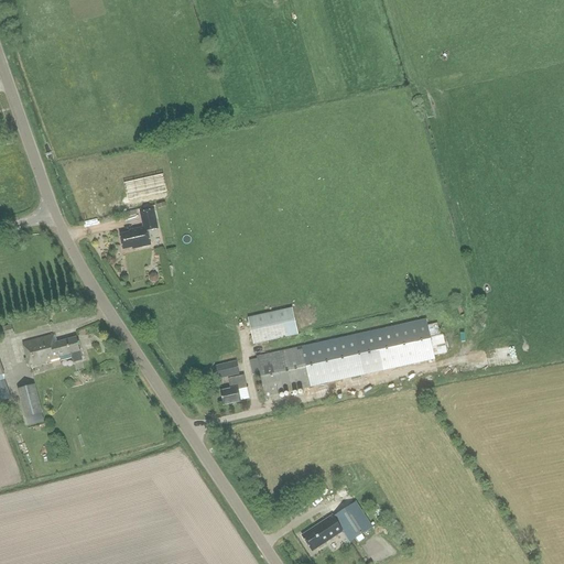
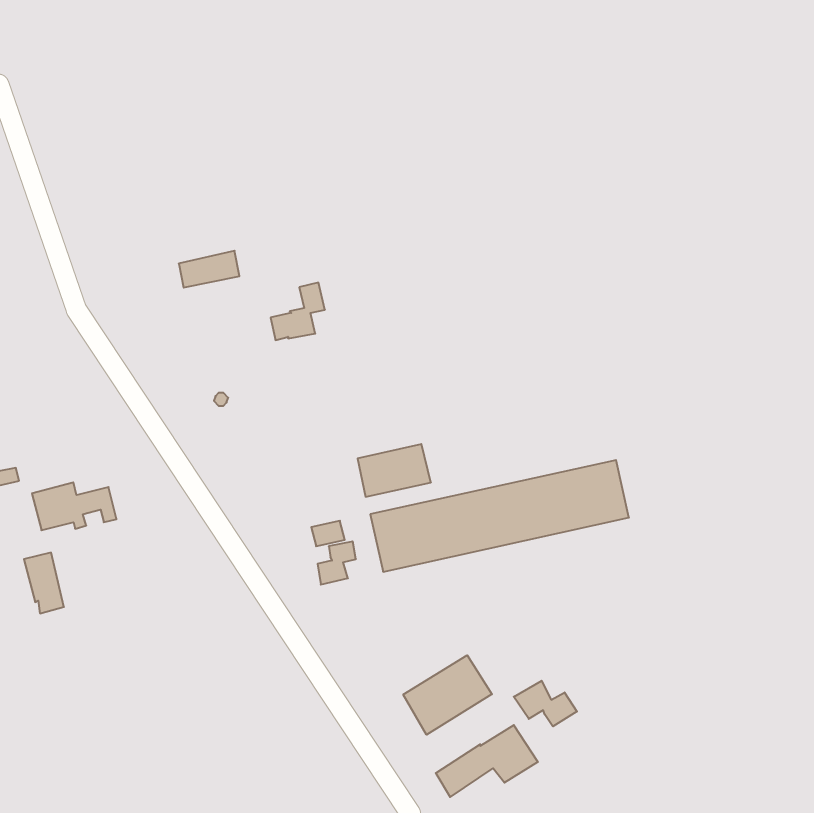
building: [119,208,156,248] -> [271,283,325,340]
building: none -> [403,655,492,735]
building: none -> [514,681,577,726]

